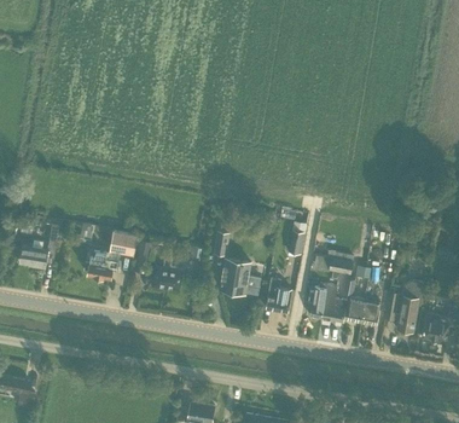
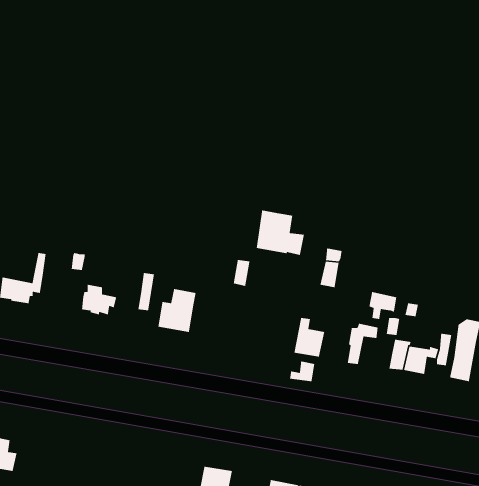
building: [109,231,136,256] -> none
building: [220,257,261,296] -> [256,209,305,256]
building: [320,296,347,324] -> none

